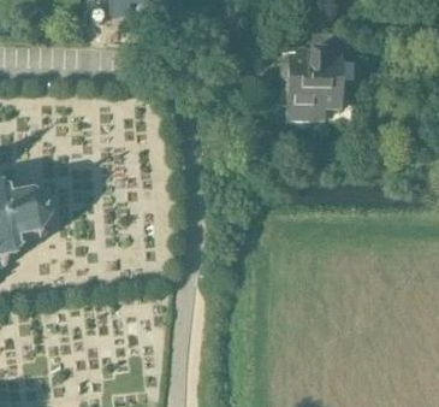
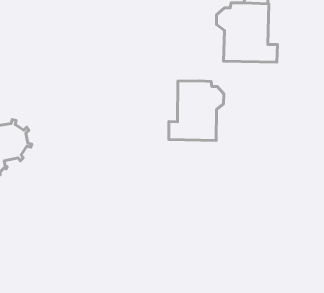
building: none -> [169,81,224,140]

